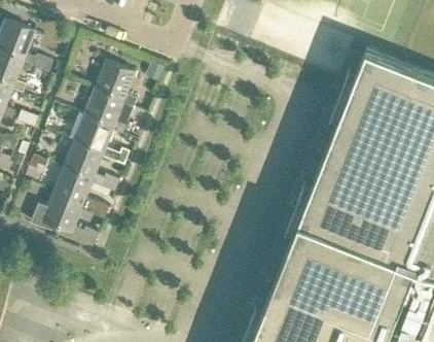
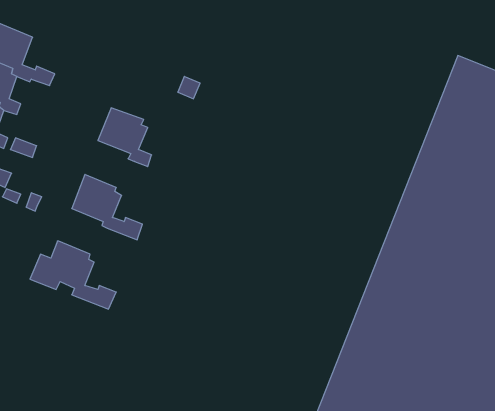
building: [95,64,137,110] -> none
building: [74,116,130,168] -> none
building: [53,170,95,216] -> none

